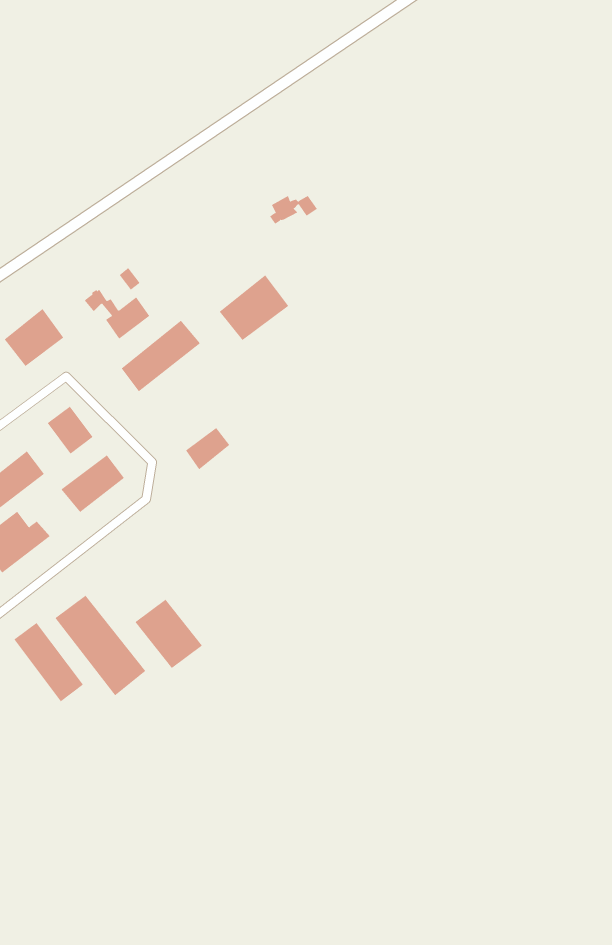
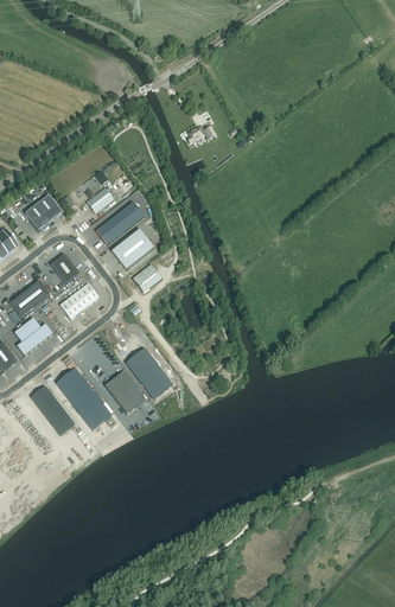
building: [219,275,289,341] -> [112,228,154,268]
building: none -> [126,346,173,397]

